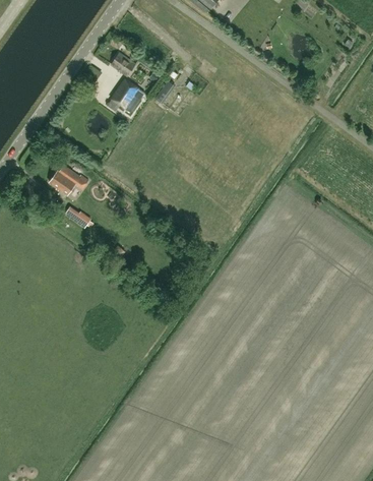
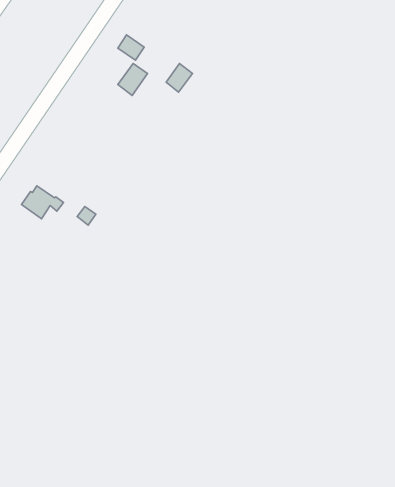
building: [49,165,87,195] -> [22,186,63,219]

